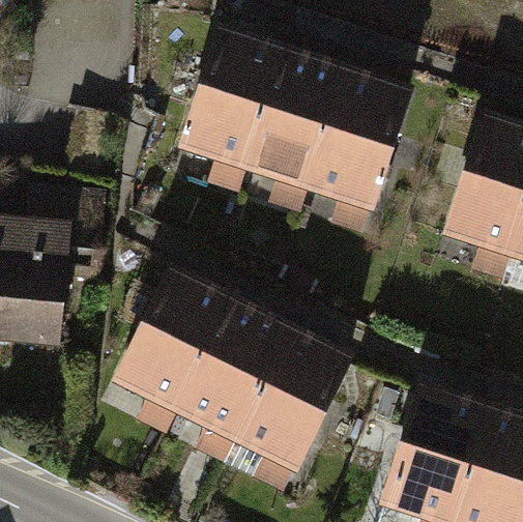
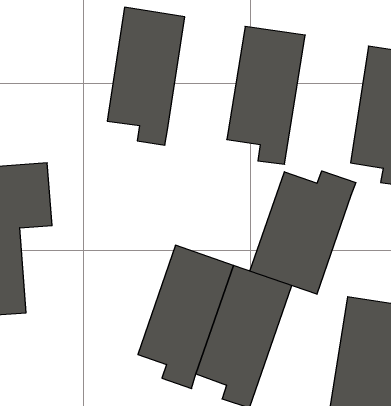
building: [243,50,347,209] -> none
building: none -> [250,171,356,294]
building: [112,269,233,432] -> none

